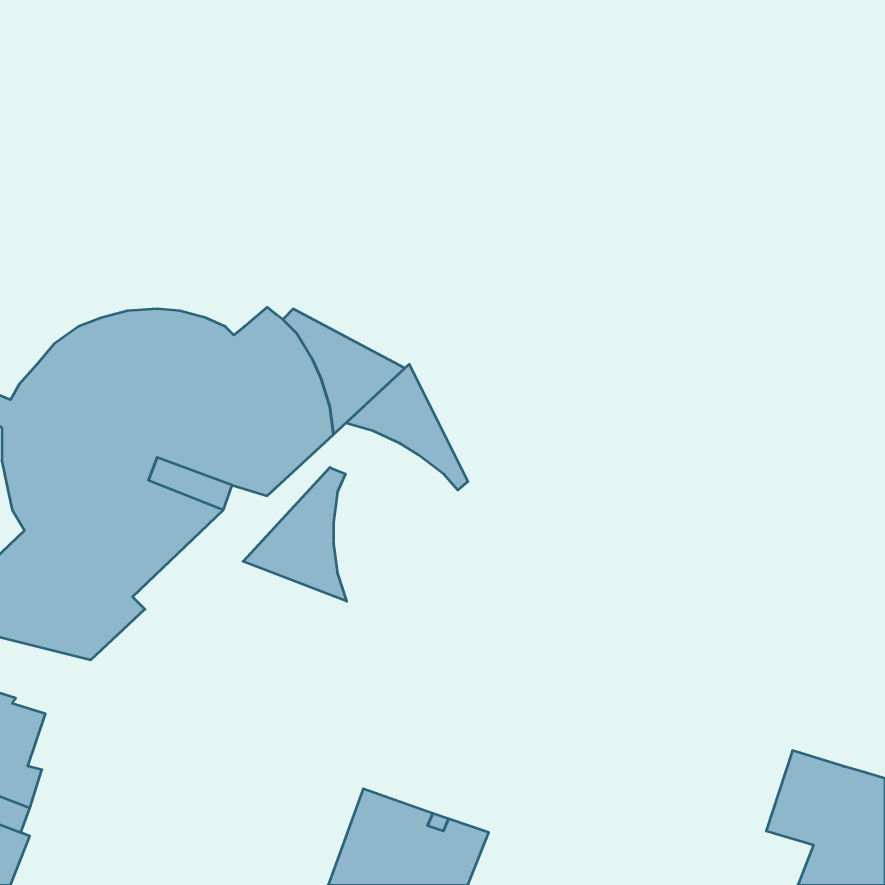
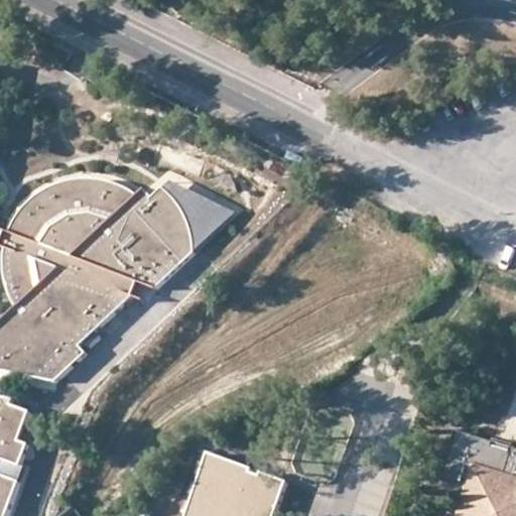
building: [346,364,468,490] -> none
building: [243,467,347,601] -> none

